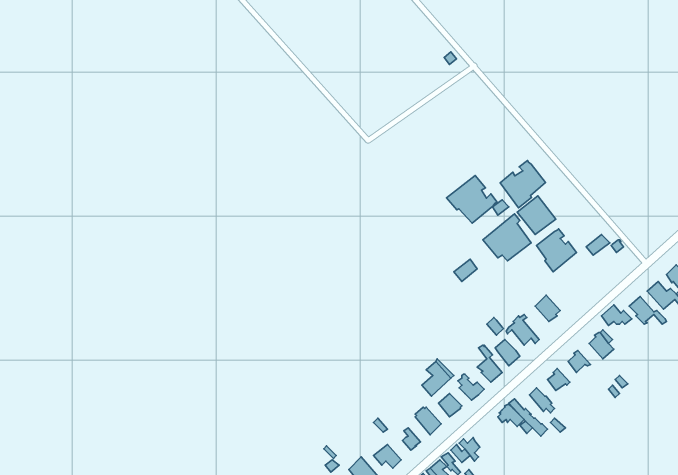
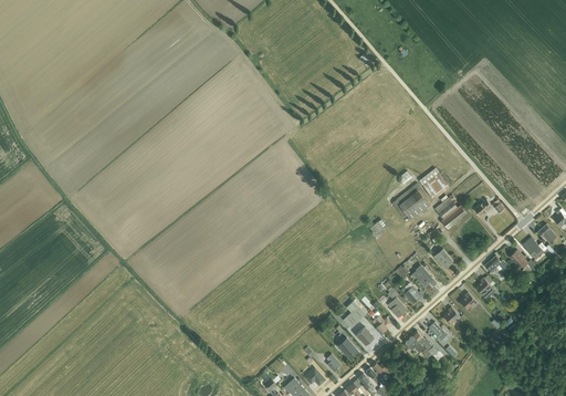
building: [500,161,546,208] -> none
building: [446,175,497,223] -> none

